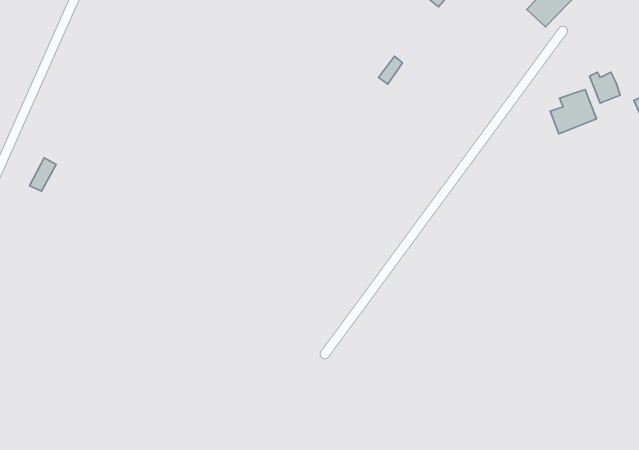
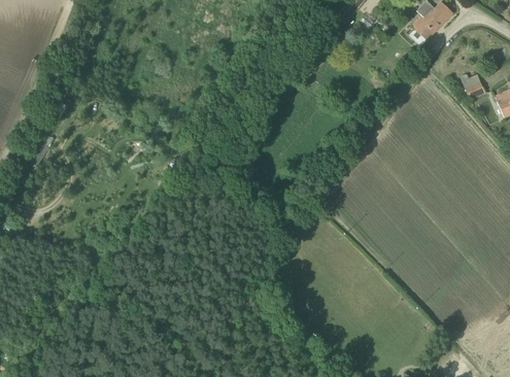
building: [550,90,596,134] -> none

